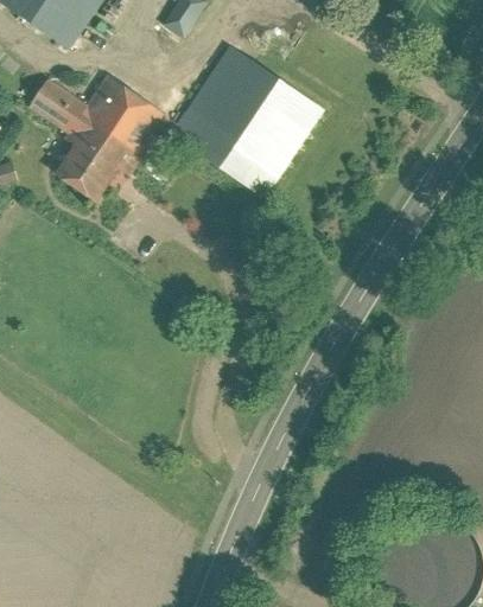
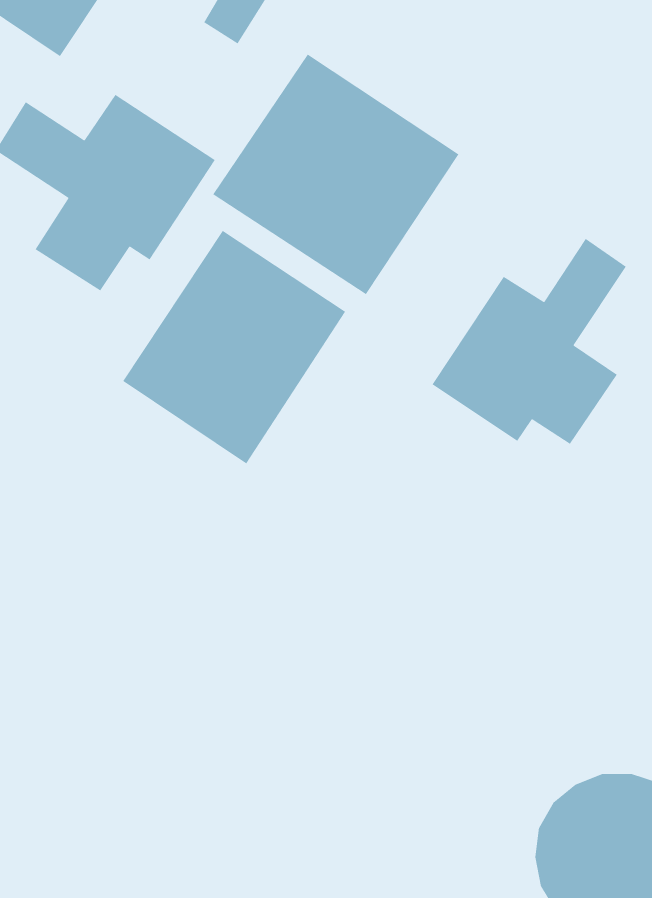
building: none -> [122,230,346,465]
building: none -> [431,238,627,445]

